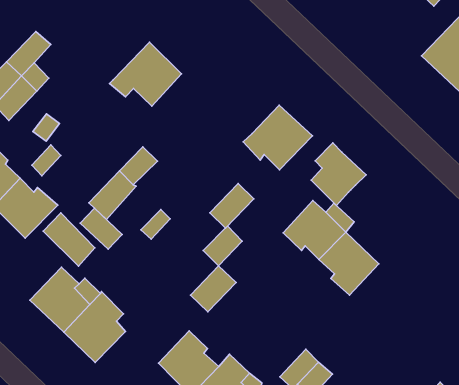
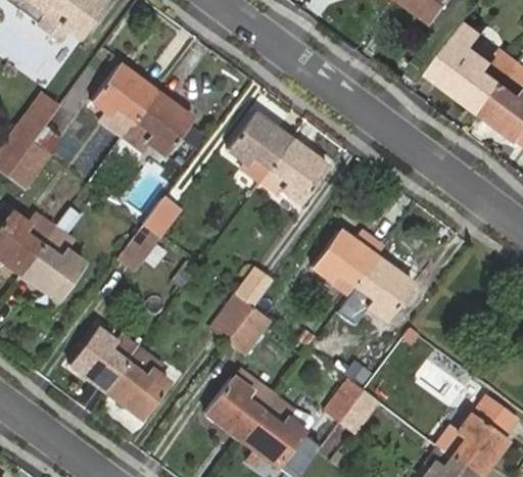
building: none -> [92,65,156,135]
building: none -> [228,112,293,172]
building: [311,143,366,205] -> none
building: [210,183,254,228] -> [210,294,252,340]
building: [80,208,122,249] -> none
building: [43,213,95,266] -> none

